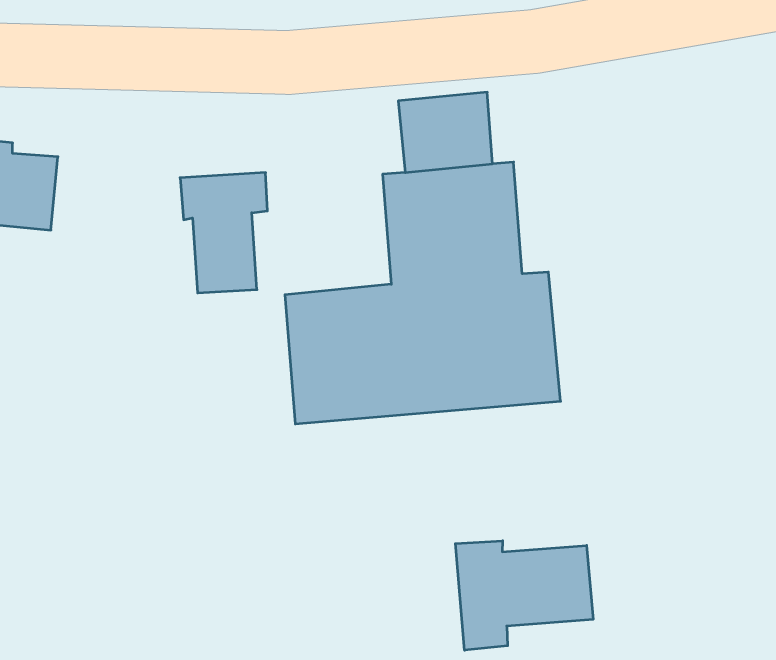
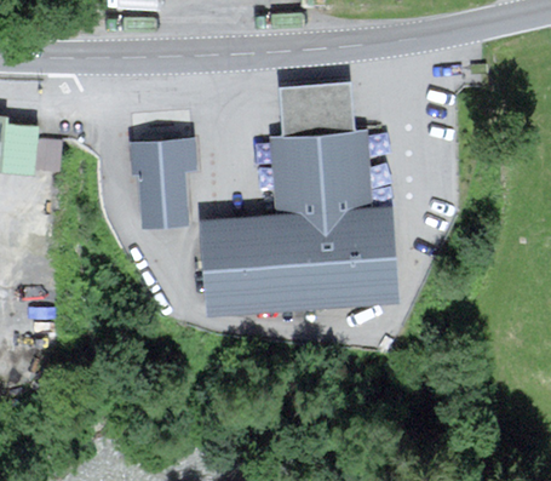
building: [455,541,593,650] -> none

